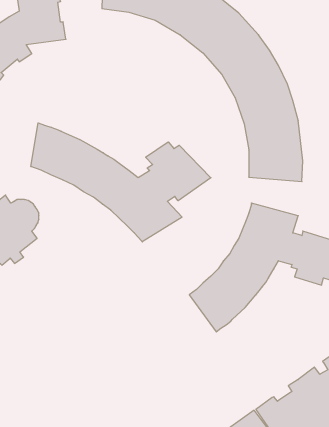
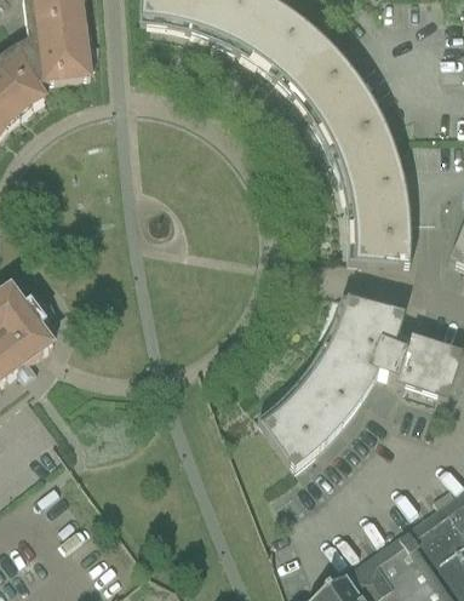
building: [31,123,211,242] -> none

